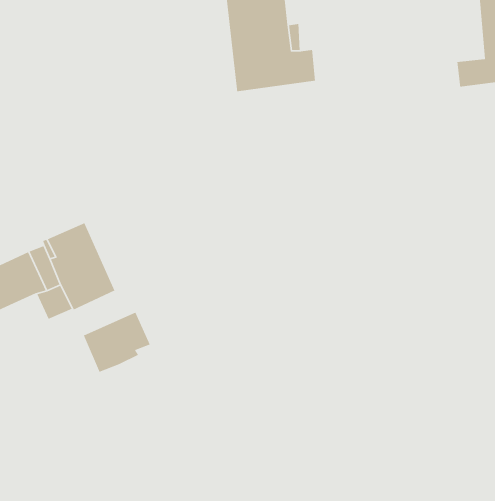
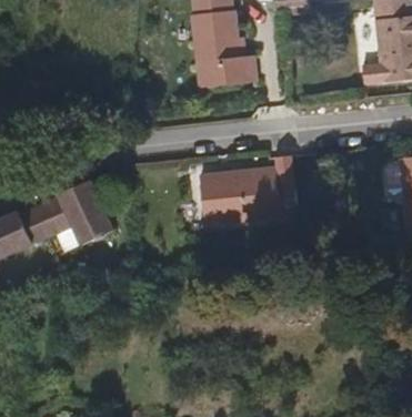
building: none -> [202,166,299,225]
building: [83,311,151,373] -> none

